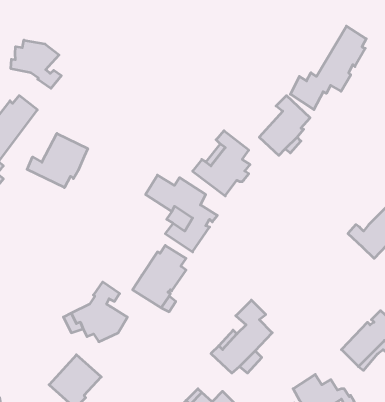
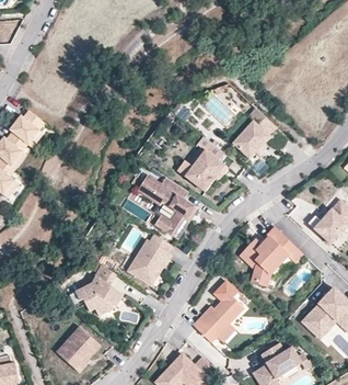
building: [290,26,366,110] -> none
building: [11,40,61,88] -> none
building: [27,133,88,188] -> none
building: none -> [242,228,299,286]

